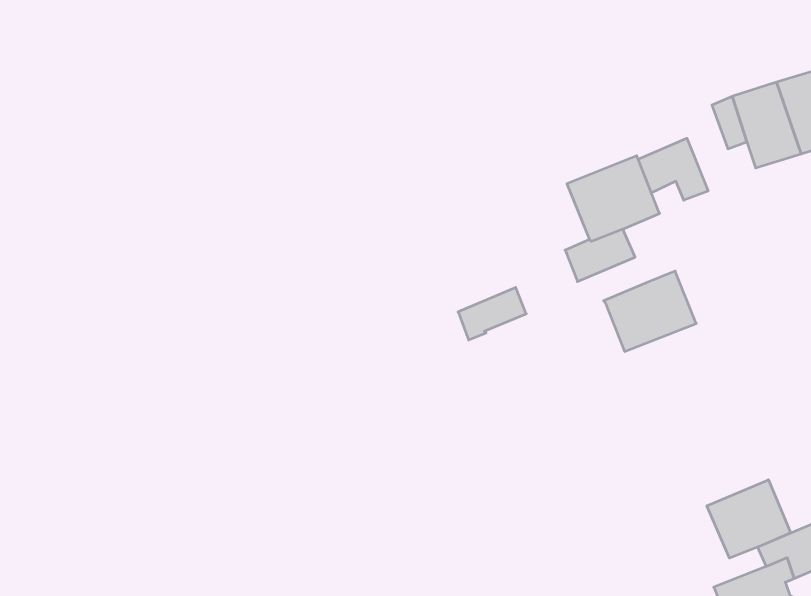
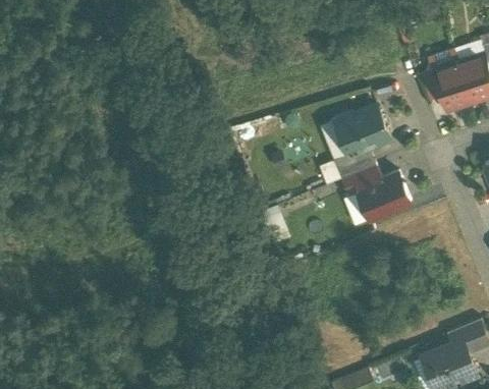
building: [638,138,708,200] -> none
building: [458,287,526,340] -> [342,165,382,196]
building: [707,480,790,558] -> none

